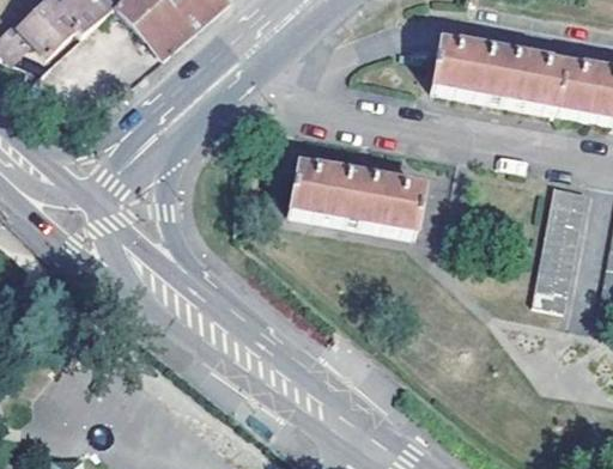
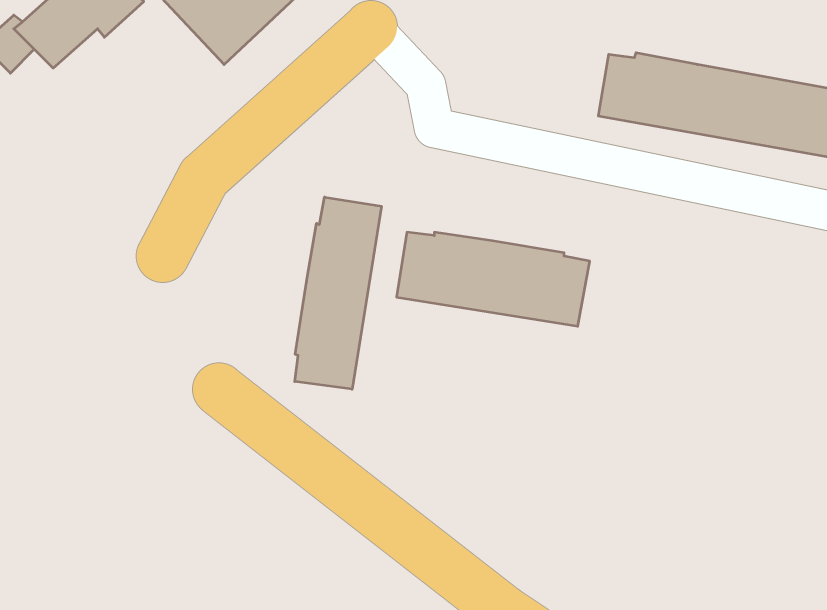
building: none -> [295,197,381,389]
building: [538,179,587,300] -> none

